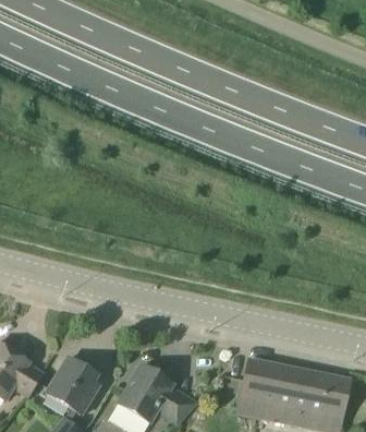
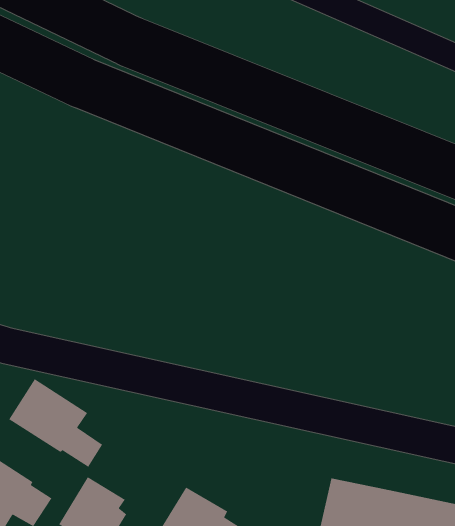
building: none -> [8,378,103,468]

